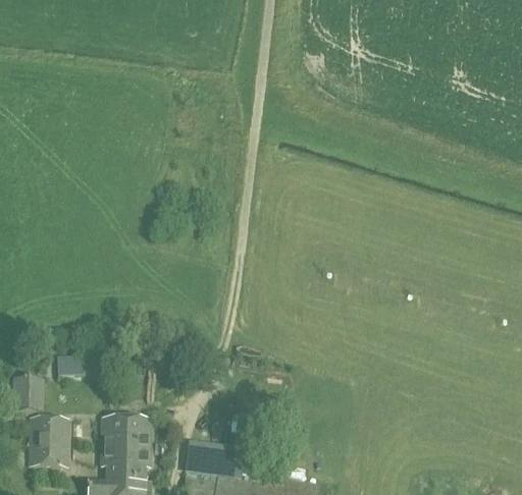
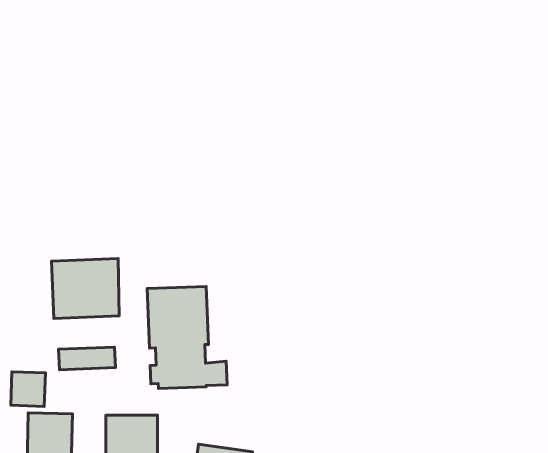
building: none -> [52,259,119,318]
building: none -> [147,286,227,389]

